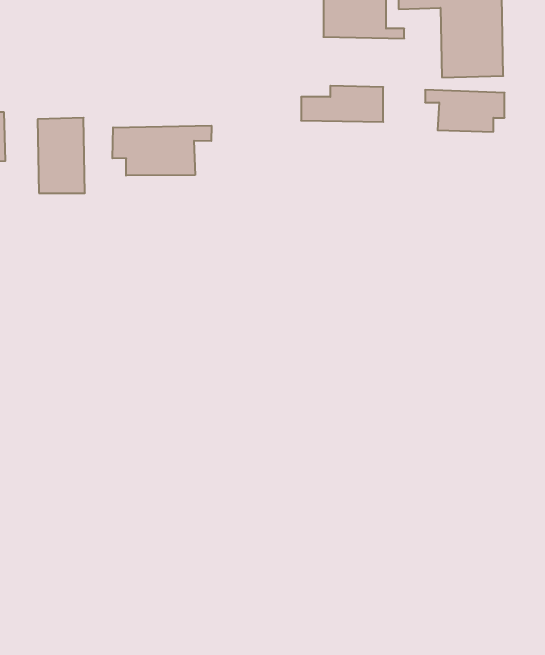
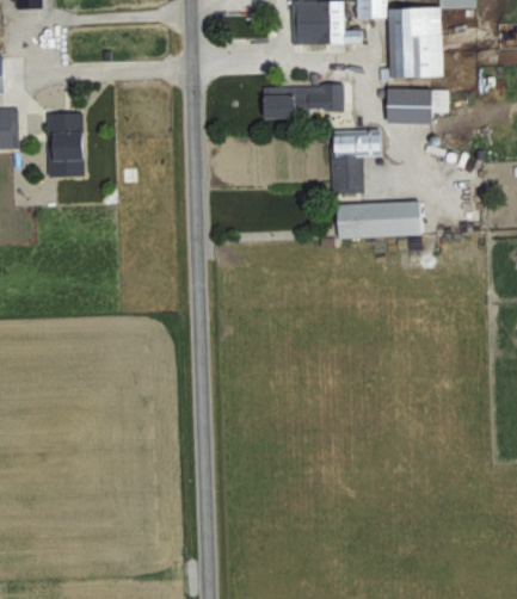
building: [112,126,211,176] -> none
building: none -> [327,132,387,193]
building: none -> [337,202,424,239]

